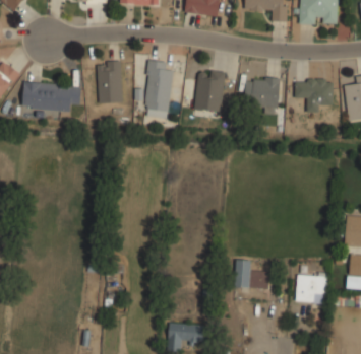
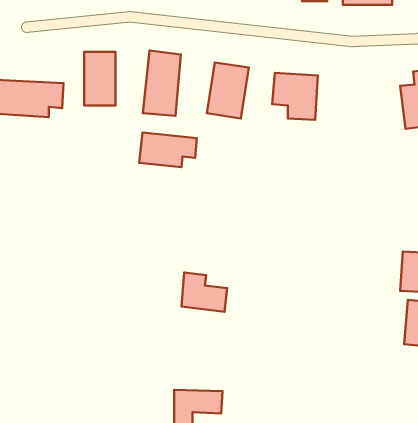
building: [294,79,334,112] -> none
building: none -> [139,132,197,167]
building: [234,260,269,290] -> [181,273,227,312]
building: [296,275,326,303] -> none

